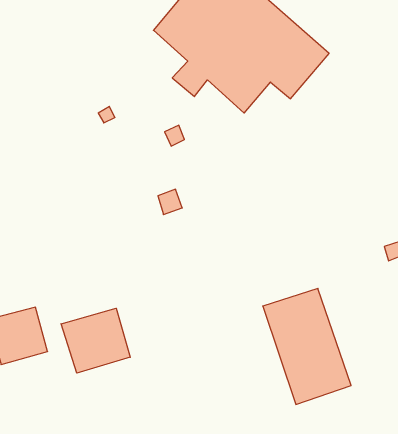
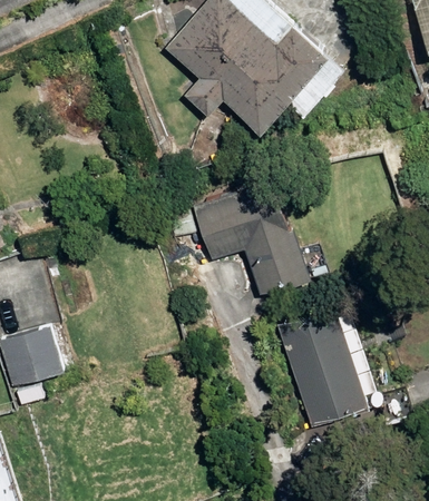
building: none -> [193,180,309,296]
building: [61,308,130,373] -> none

